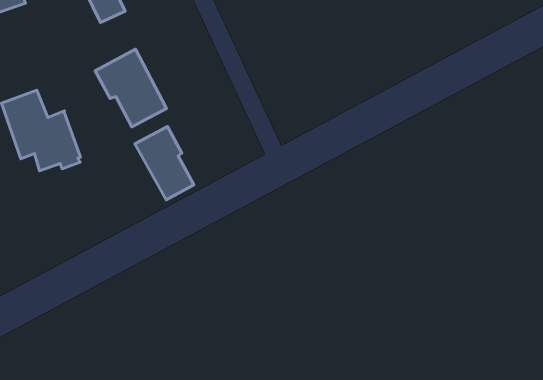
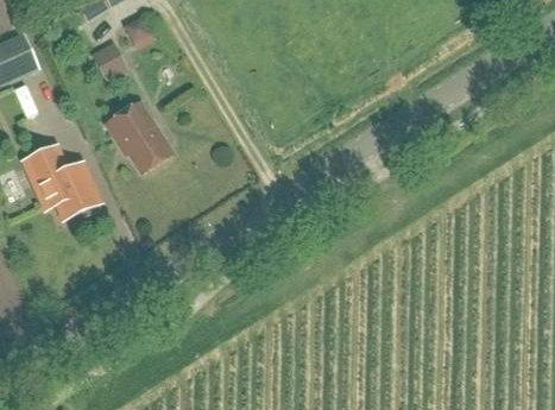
building: [135,127,194,200] -> none

